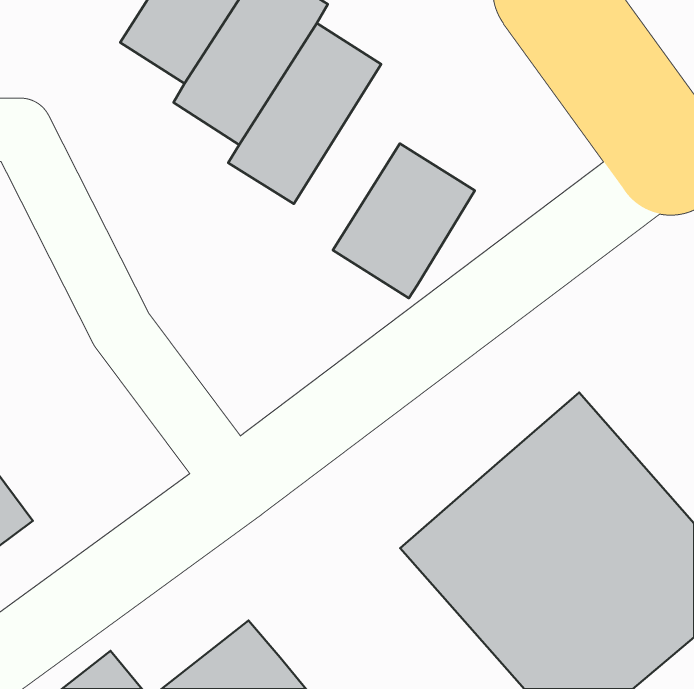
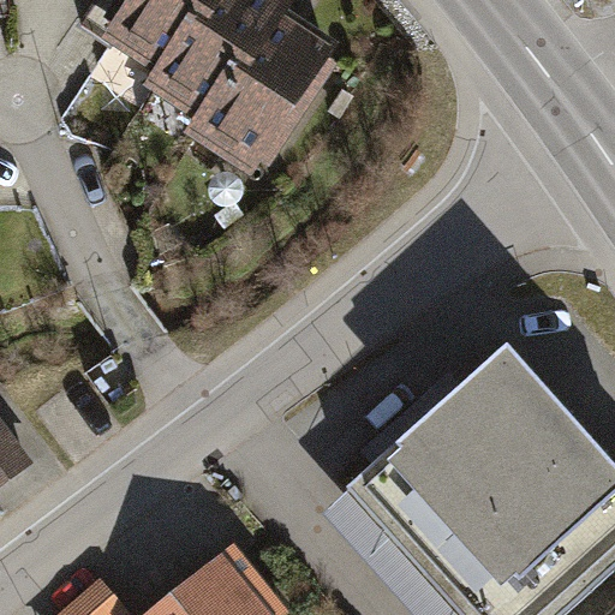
building: [333,144,475,298] -> none

